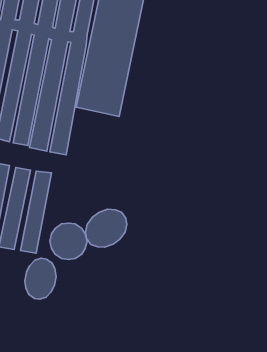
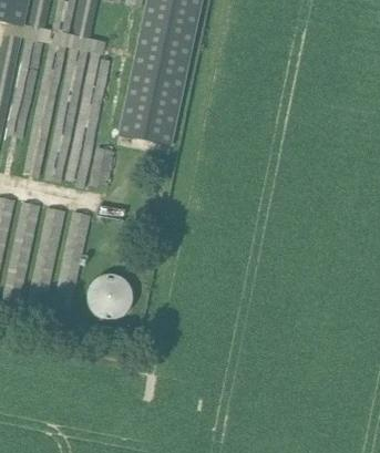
building: [85,209,127,247] -> none
building: [25,258,56,299] -> none

